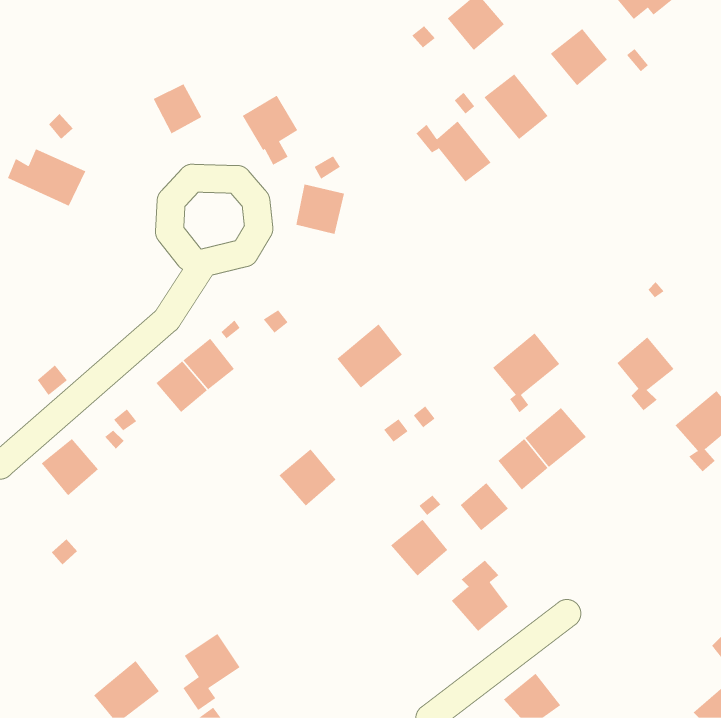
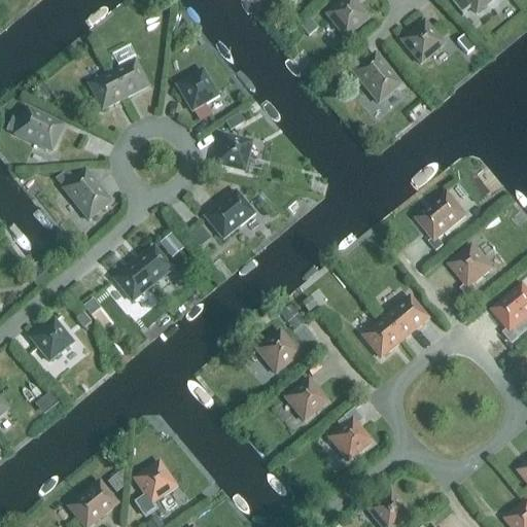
building: none -> [90,72,126,109]
building: [415,120,492,182] -> none
building: none -> [55,167,111,219]
building: [336,323,403,388] -> [206,190,254,238]
building: [492,333,560,413] -> [417,192,466,251]
building: [278,449,336,506] -> [256,330,298,373]
building: [460,482,509,531] -> none

